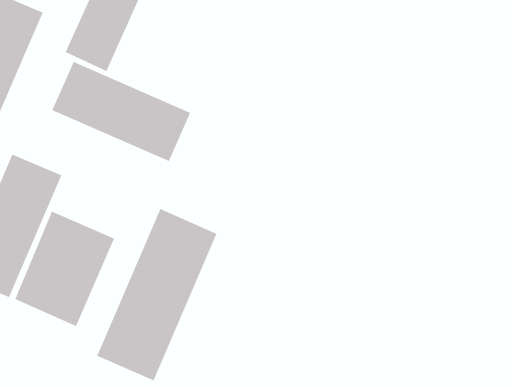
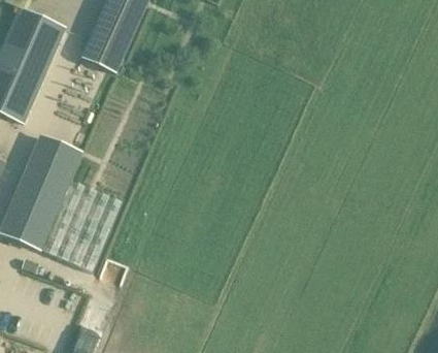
building: [52,61,191,162] -> none
building: [97,208,217,381] -> none

